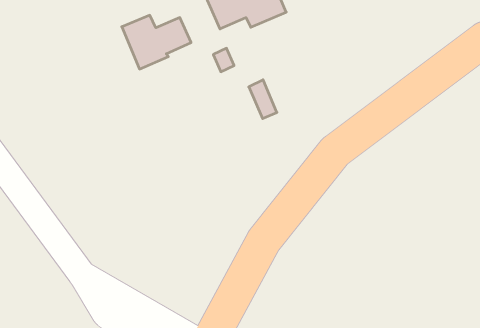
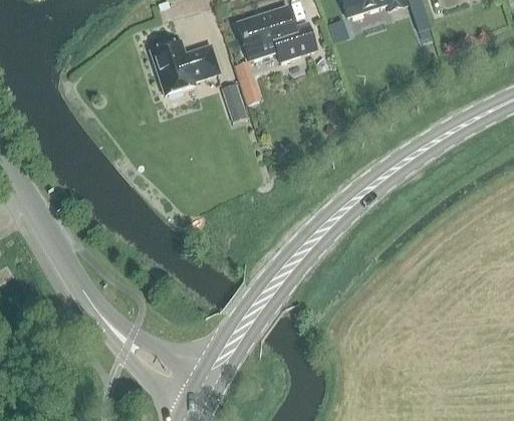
building: [249,80,277,119] -> [221,81,247,121]

